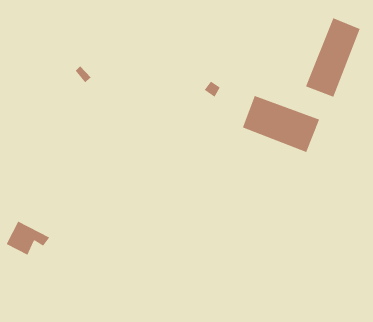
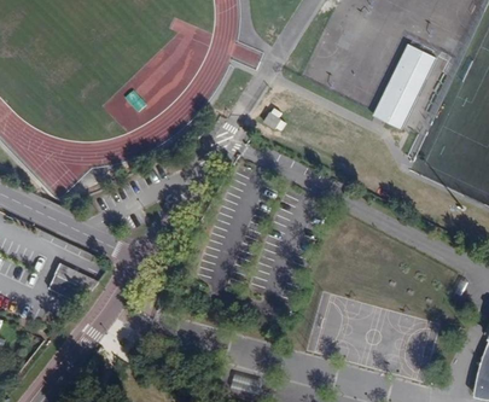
building: [242,95,320,153] -> none

